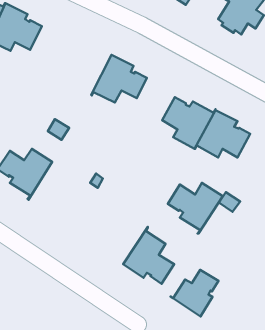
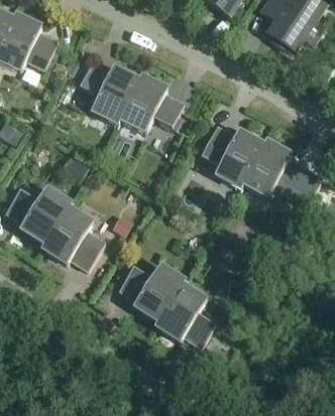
building: none -> [80,61,141,122]
building: none -> [42,201,105,269]
building: [168,183,223,234] -> [119,263,185,323]
building: [170,270,218,316] -> none

